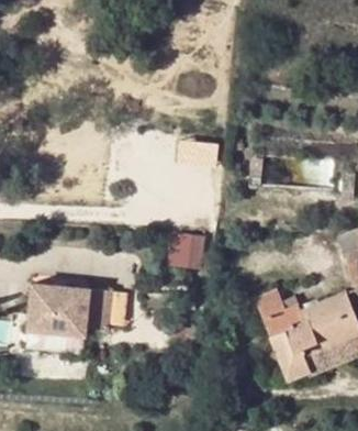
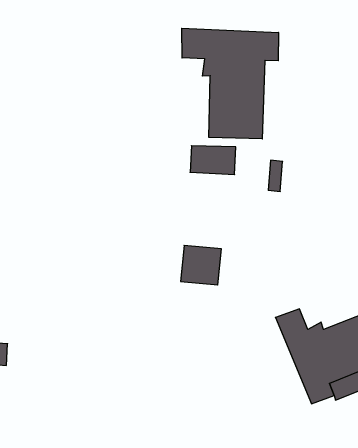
building: none -> [182,28,278,139]
building: [33,284,118,338] -> none

